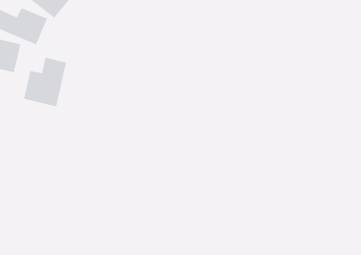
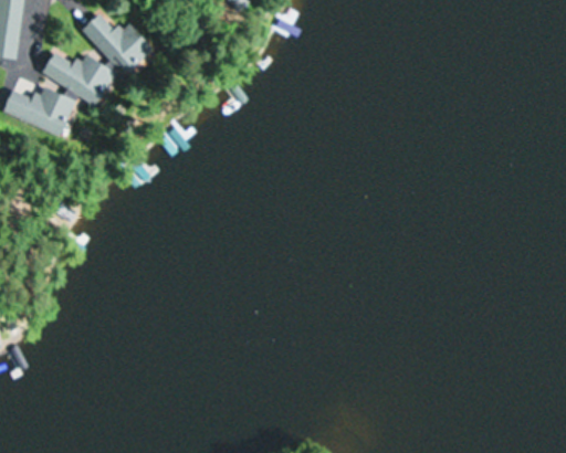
building: [23,57,67,107] -> none

